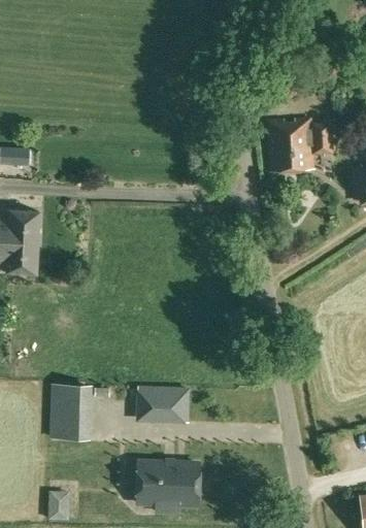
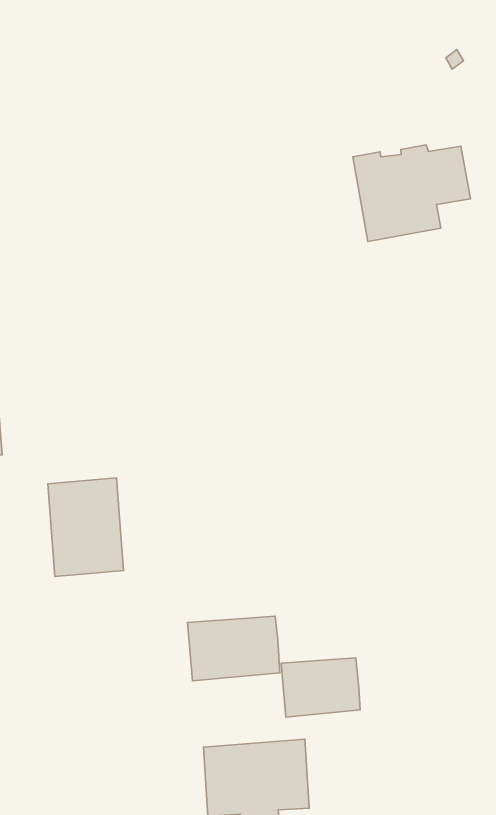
building: [49,383,93,439] -> [48,478,123,577]
building: none -> [281,658,360,717]

